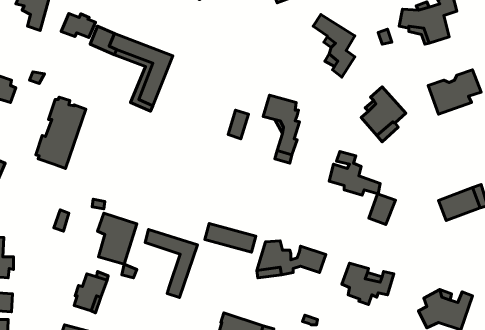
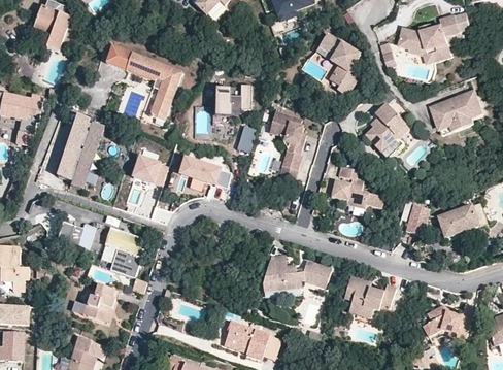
building: [61,13,95,38] -> none
building: none -> [214,85,249,113]
building: none -> [132,154,168,186]
building: [369,194,395,225] -> [404,206,430,236]
building: [205,223,256,252] -> [179,160,229,188]
building: [145,229,197,297] -> none

